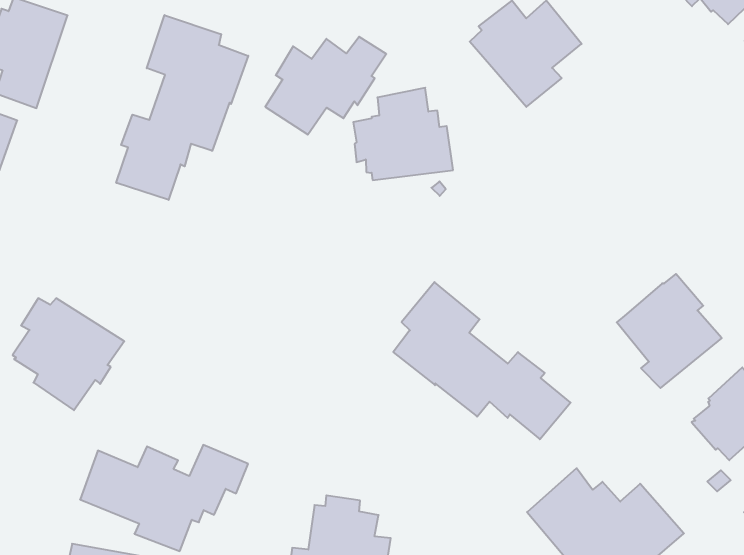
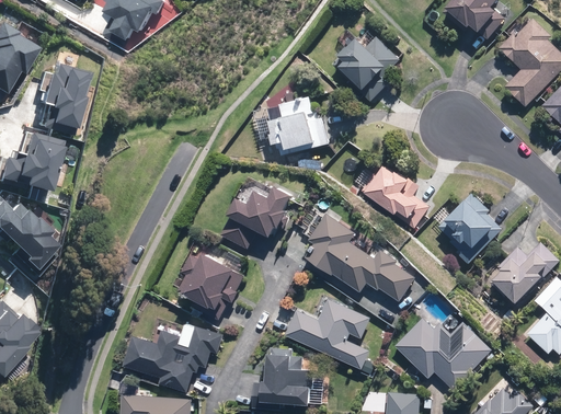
building: [116,15,248,200] -> none
building: [265,37,386,135] -> [219,186,289,249]
building: none -> [360,165,430,229]
building: [13,298,124,410] -> [176,253,243,320]
building: none -> [284,298,369,369]

